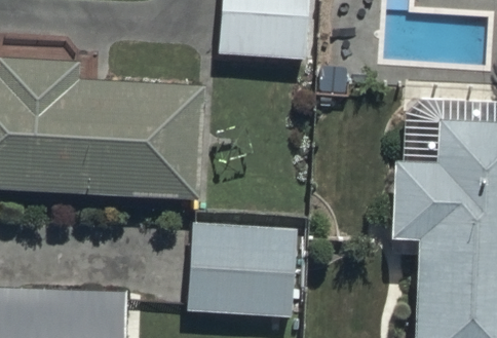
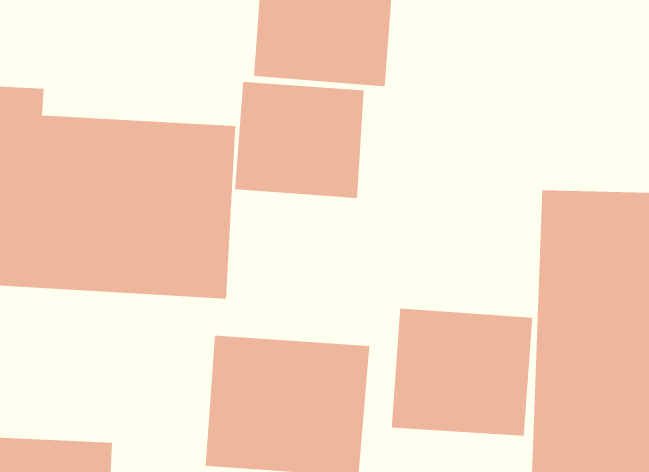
building: none -> [235,81,364,199]
building: none -> [391,308,533,436]

